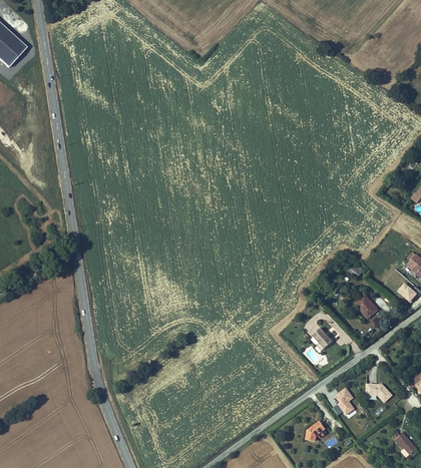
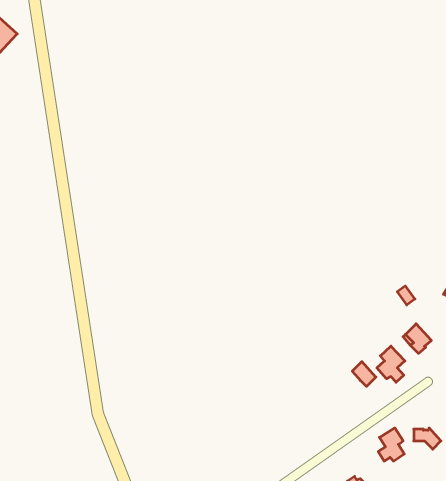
building: none -> [377,346,405,382]

